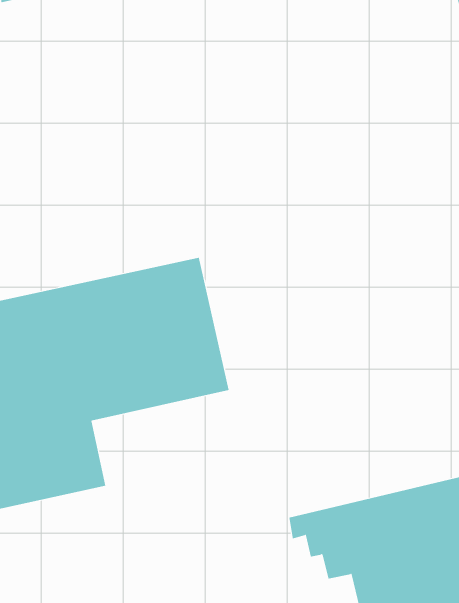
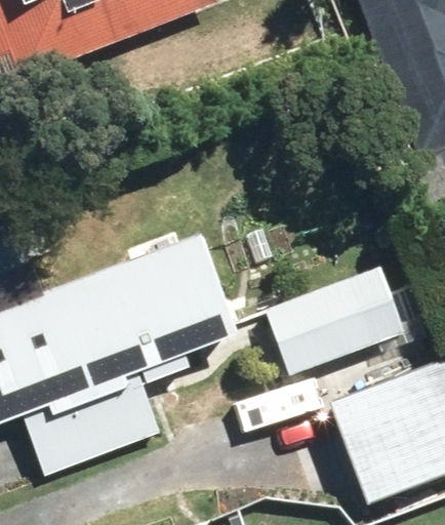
building: none -> [269,271,404,374]

